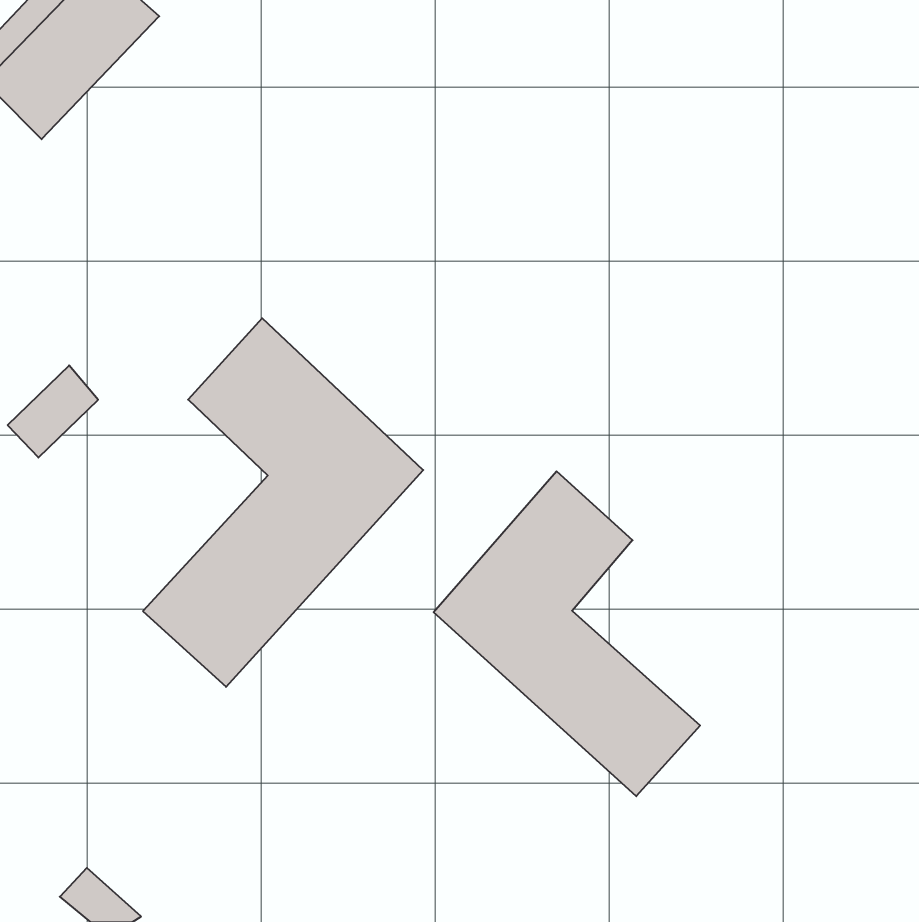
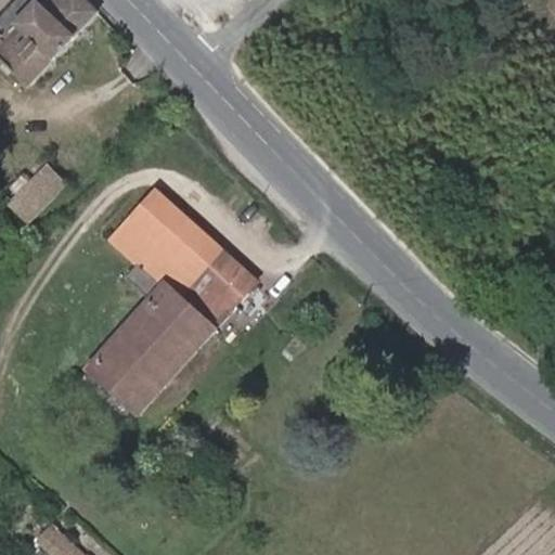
building: [8,365,98,458] -> [9,167,63,222]
building: [434,471,700,796] -> none

